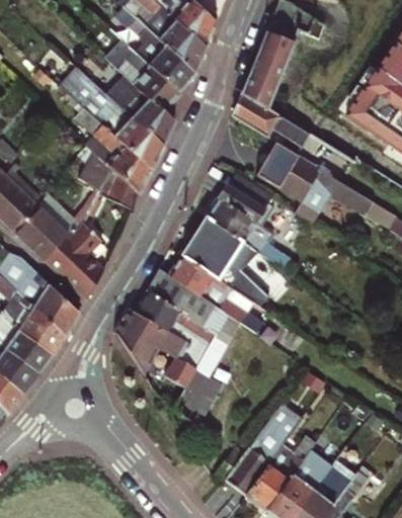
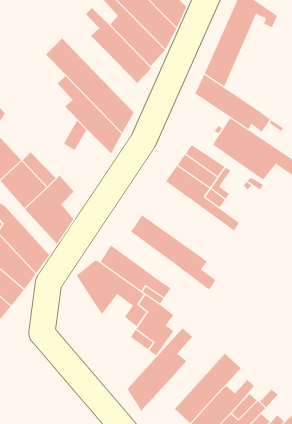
building: [92,69,175,143] -> none
building: [98,166,141,207] -> none
building: [179,219,257,303] -> none
building: [146,272,219,333] -> none
building: none -> [127,327,193,411]

